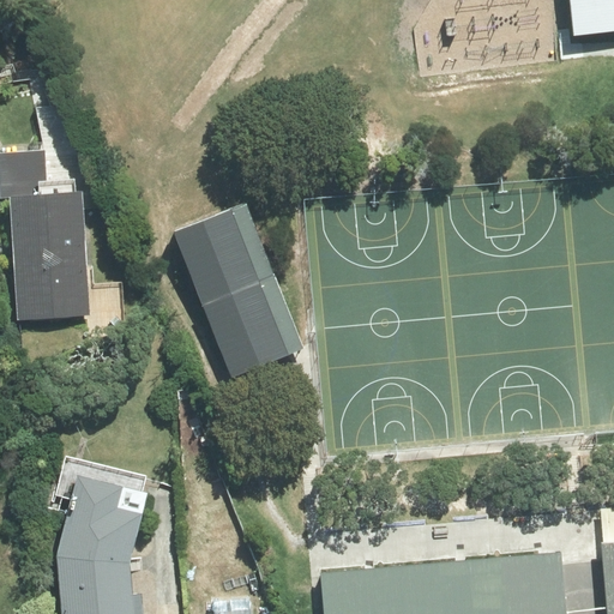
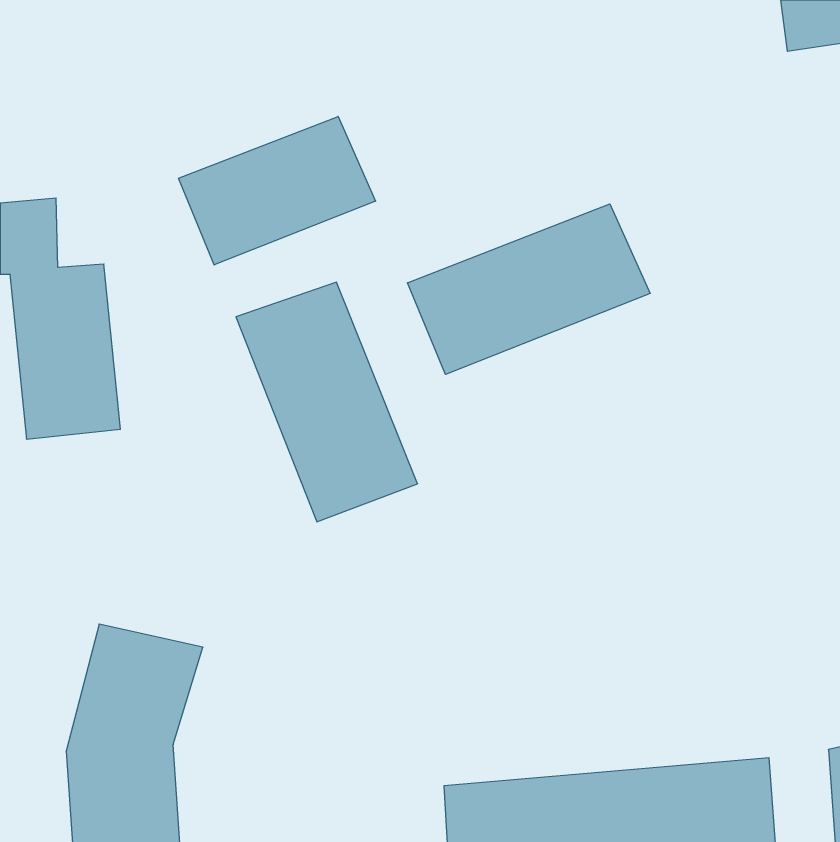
building: none -> [179,116,376,265]
building: none -> [407,204,650,374]

